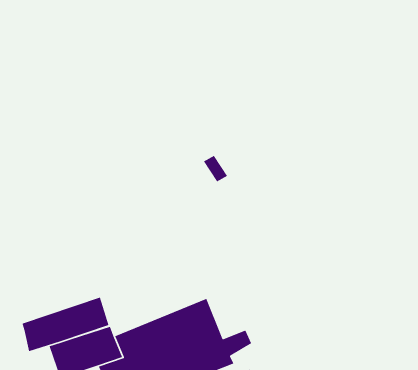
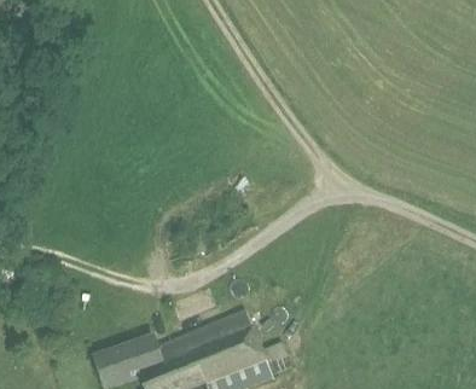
building: [22,297,110,352] -> none

